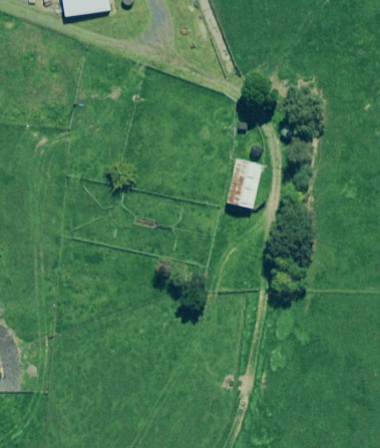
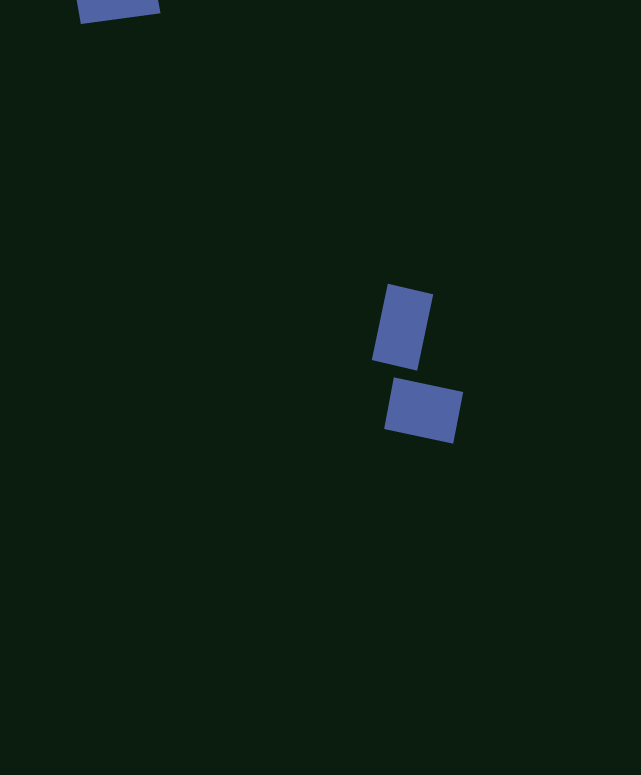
building: none -> [383,377,464,444]

